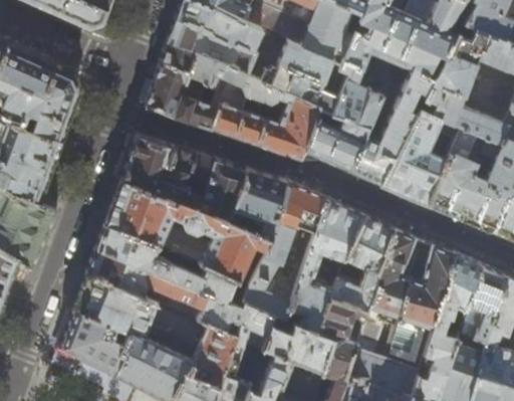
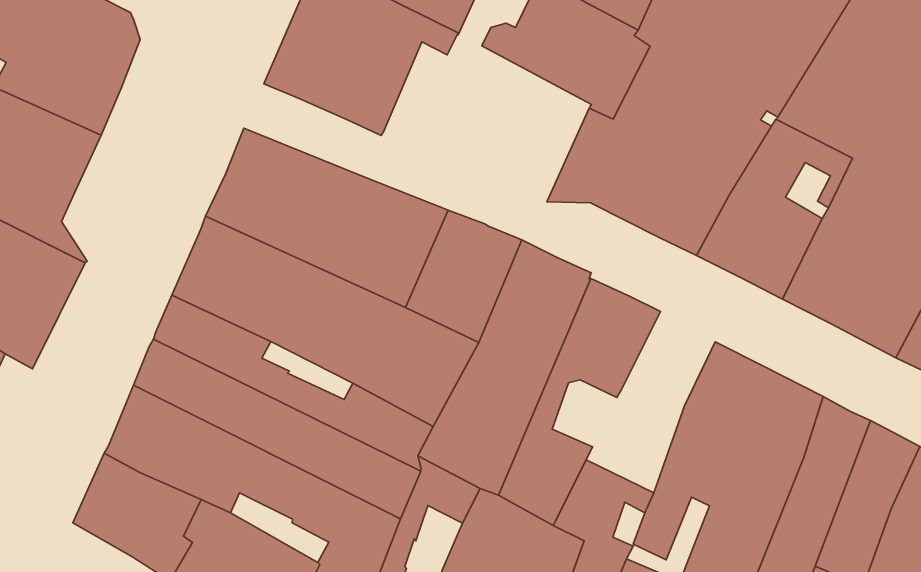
building: [211,74,320,161] -> none
building: [330,215,395,312] -> none

